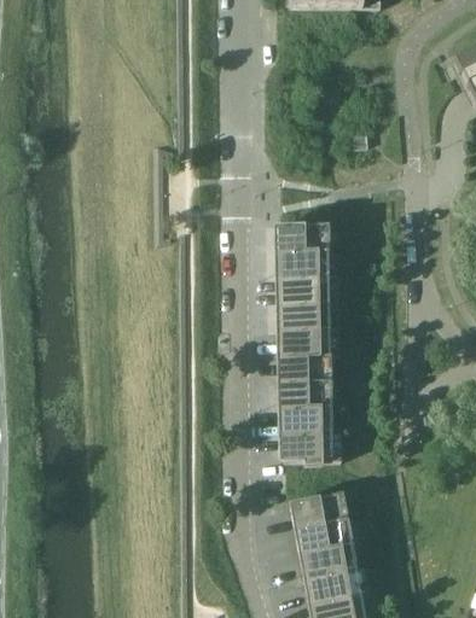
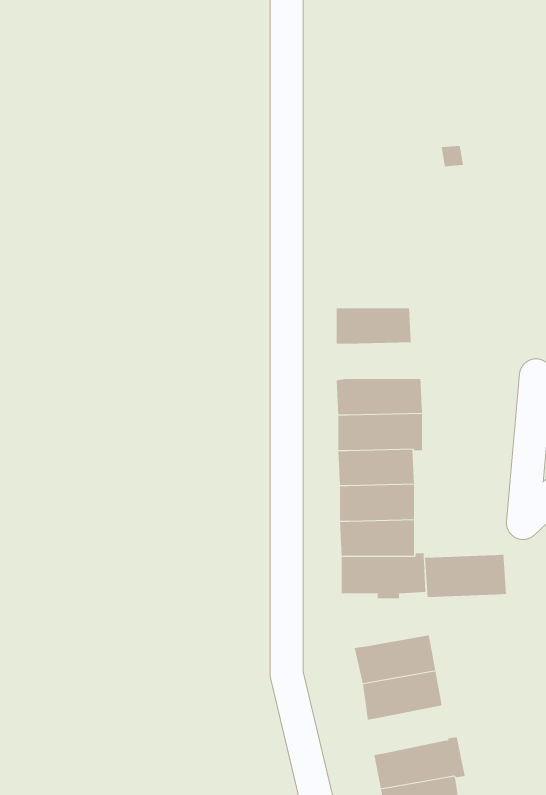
building: [275,223,331,251] -> none
building: [277,275,339,304] -> none
building: none -> [425,554,506,598]
building: [300,543,359,579] -> none

